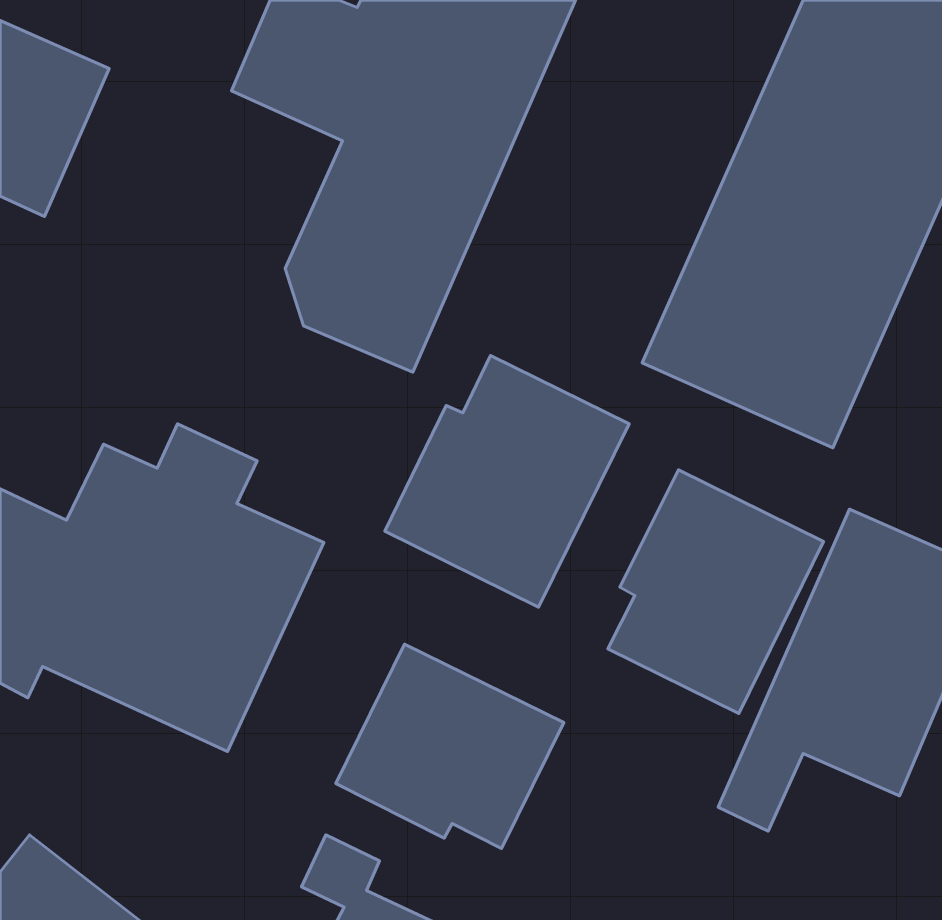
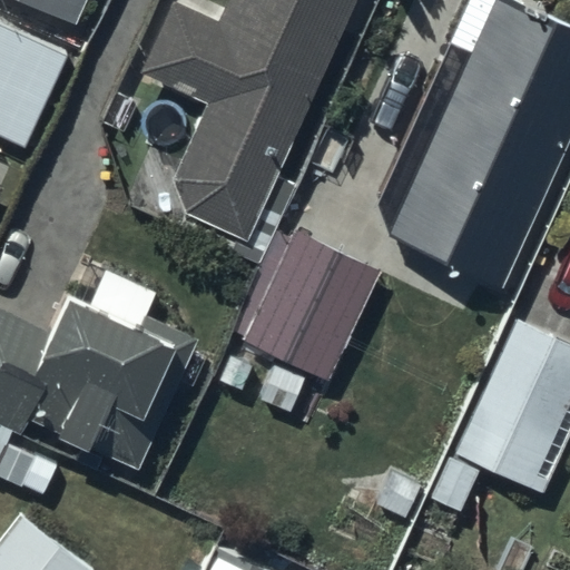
building: [608,470,824,714] -> none
building: [336,644,564,848] -> none

